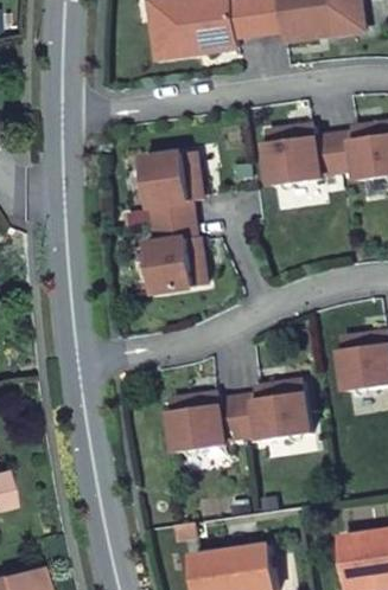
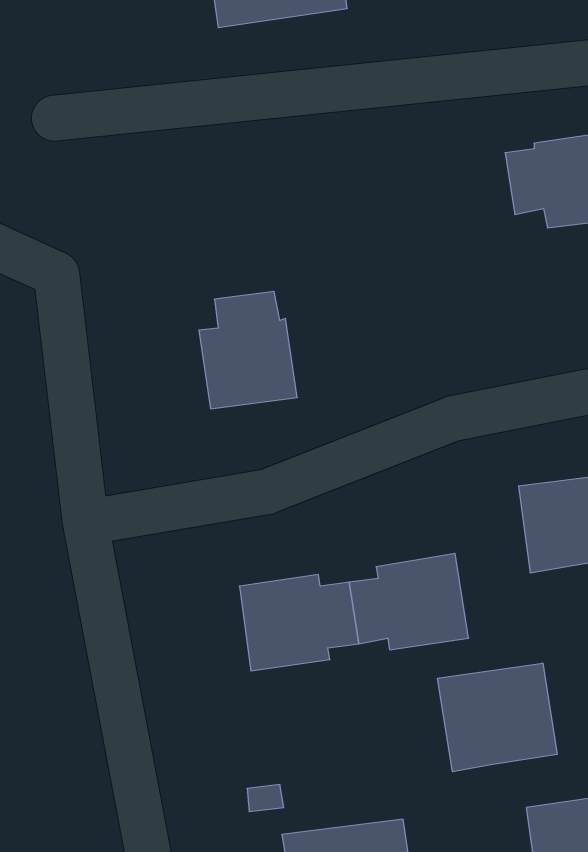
building: [266,124,339,186] -> none
building: [141,149,201,224] -> none
building: none -> [438,663,557,772]

